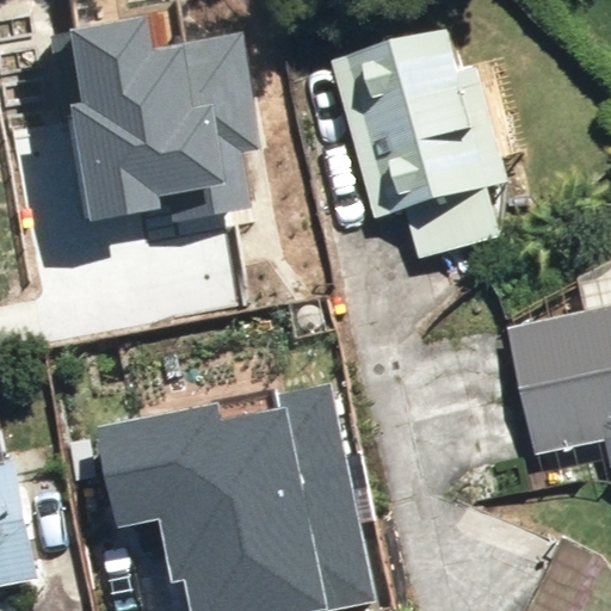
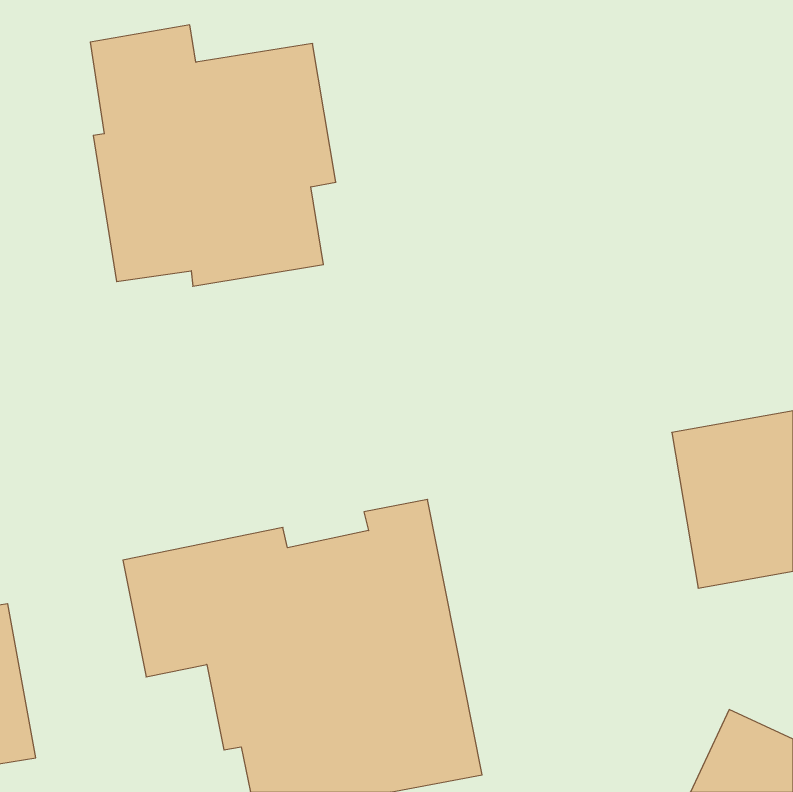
building: [345,43,502,261] -> none

